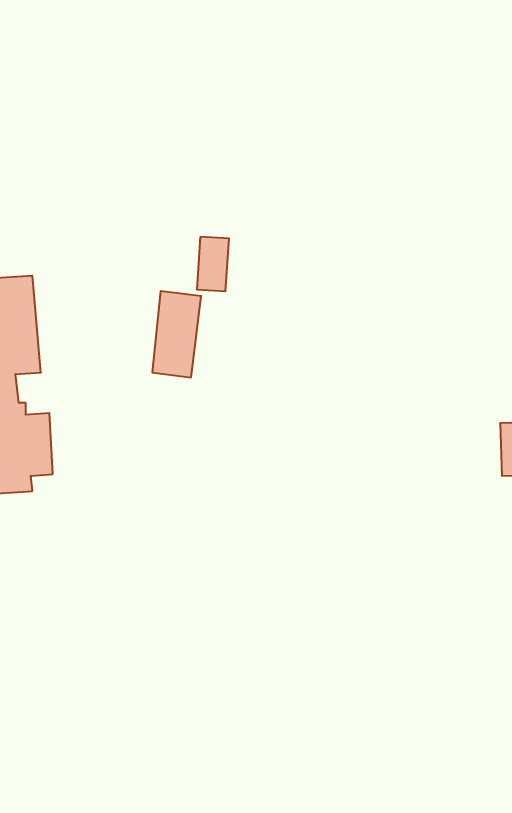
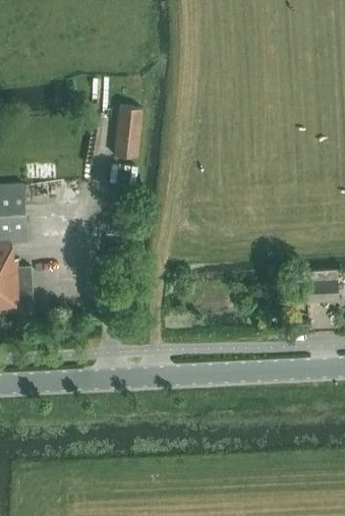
building: [152,291,201,377] -> [113,105,142,157]

